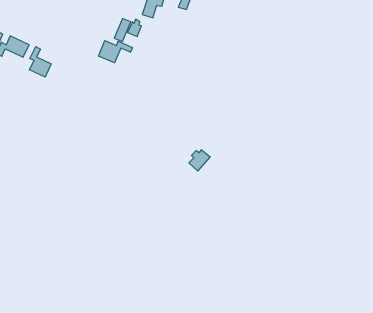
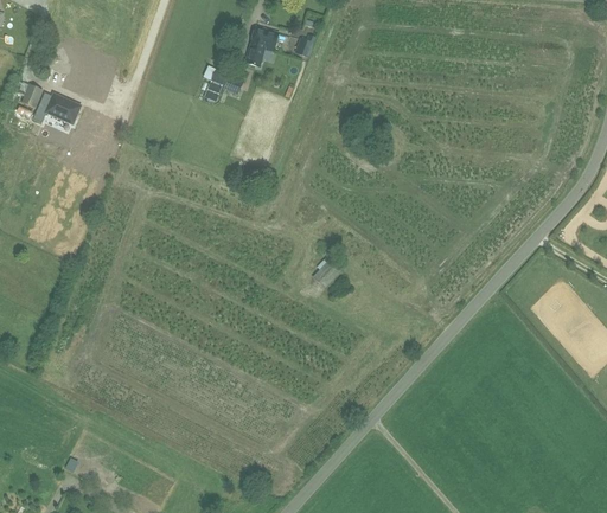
building: [99,41,133,63] -> none
building: [29,47,51,77] -> none

